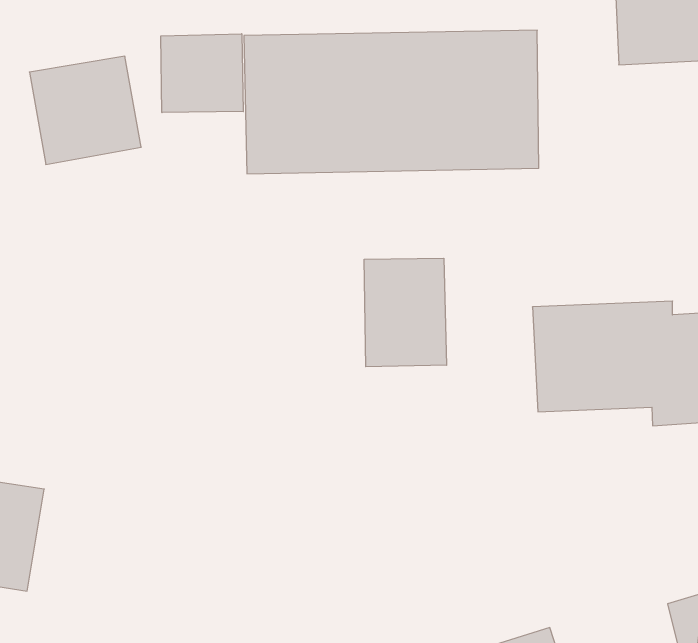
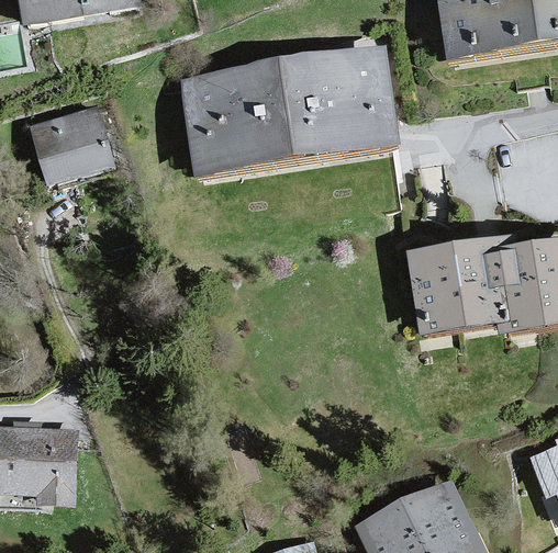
building: [161,34,243,113] -> none
building: [364,258,447,367] -> none

